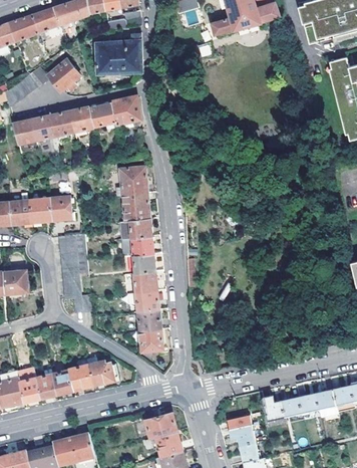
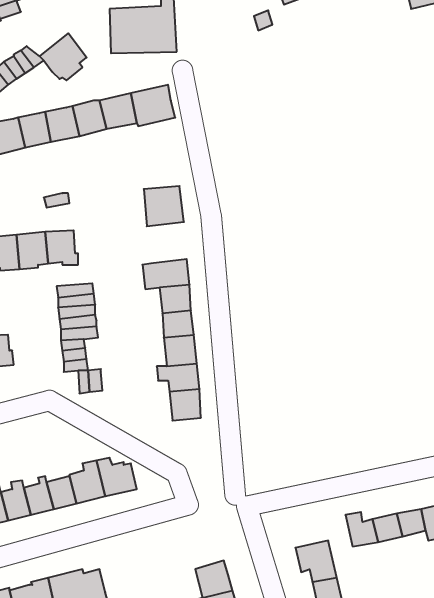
building: [122,192,150,221] -> none
building: [140,329,166,354] -> none
building: [145,412,176,437] -> none

